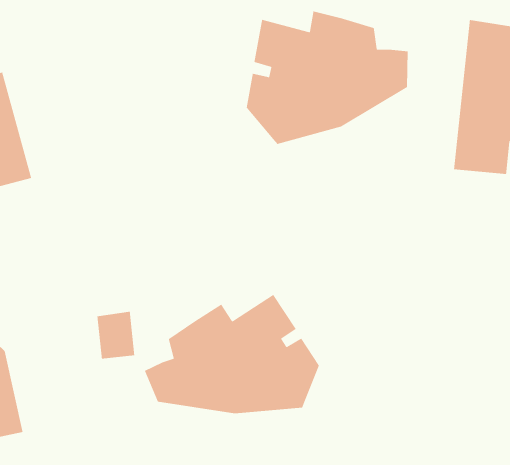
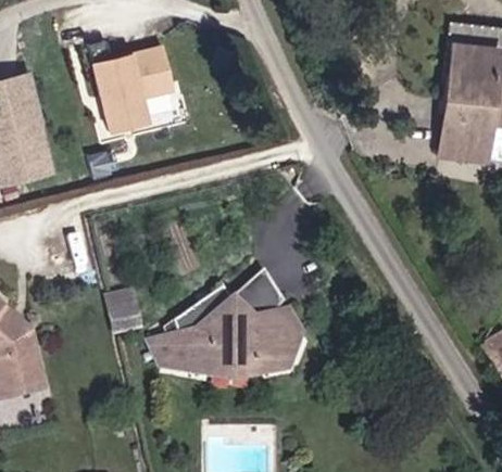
building: [246,10,408,145] -> none
building: none -> [101,40,186,131]

